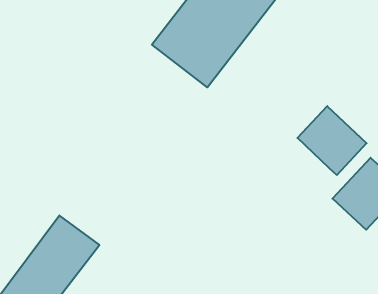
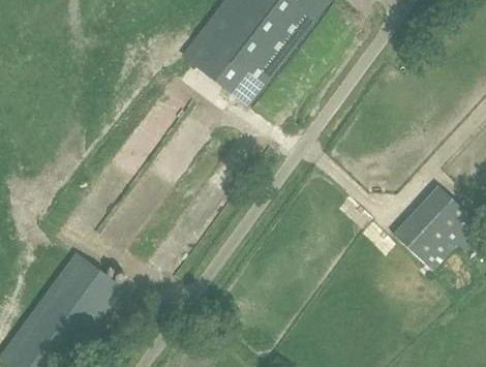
building: [297,106,367,175] -> none

